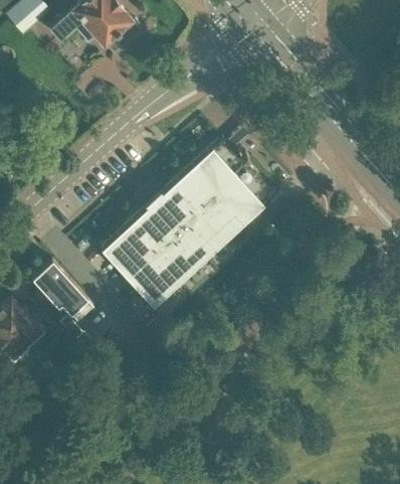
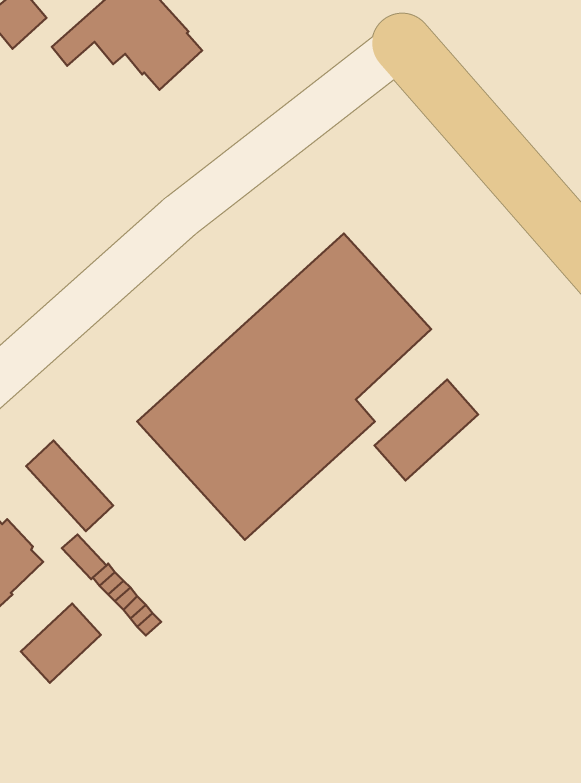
building: none -> [374,380,478,480]
building: none -> [21,603,101,683]

